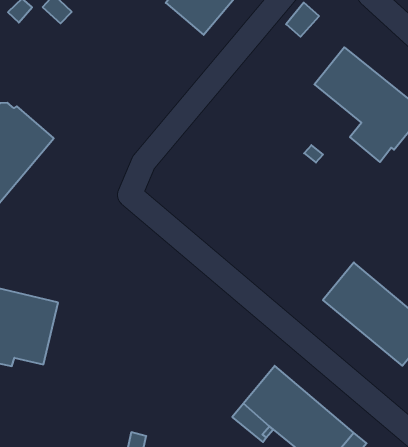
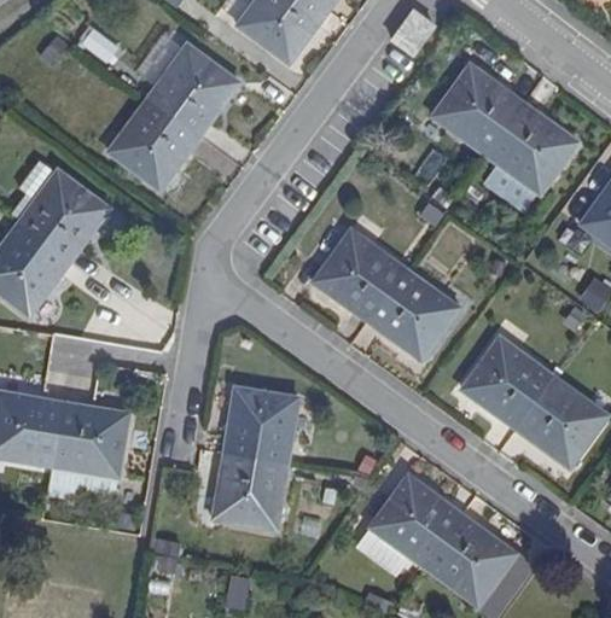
building: none -> [109,46,238,187]
building: none -> [315,229,458,357]
building: none -> [215,387,297,527]

